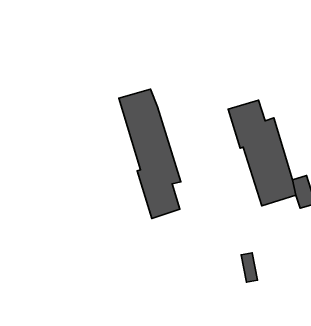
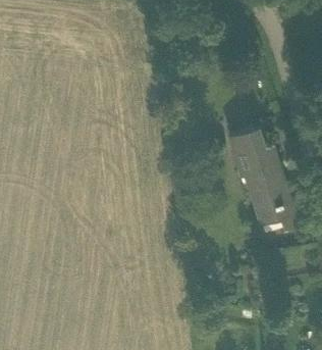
building: [119,89,181,218] -> none

